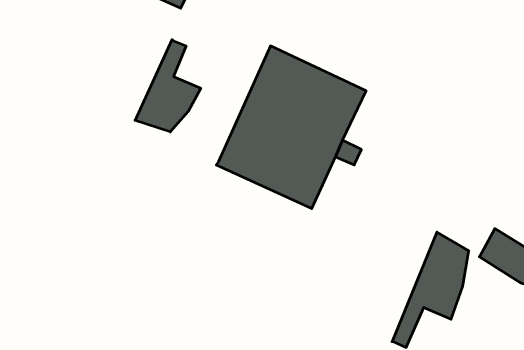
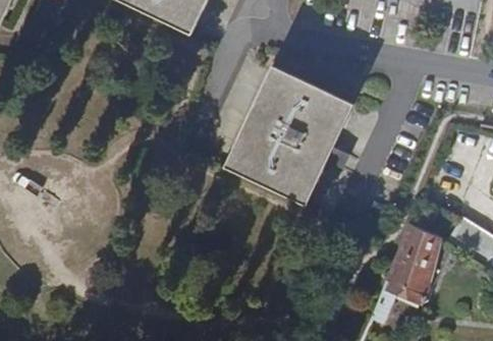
building: [135,40,201,132] -> none

